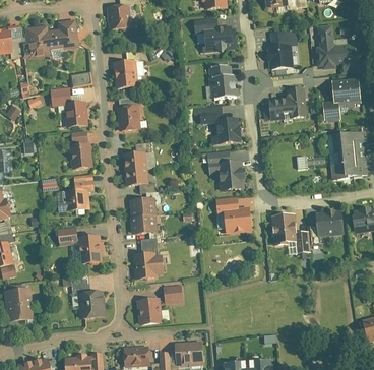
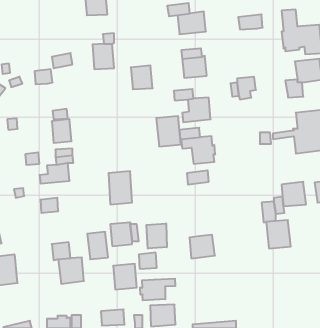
building: [20,20,78,58] -> none
building: [267,45,293,70] -> none
building: [287,87,307,118] -> none
building: [66,102,87,126] -> none
building: [117,105,140,130] -> [131,66,153,89]
building: [123,151,149,184] -> [156,116,181,146]
building: [225,208,252,234] -> [189,235,215,258]
building: [270,213,297,244] -> [266,220,291,248]
building: [79,234,102,263] -> [87,232,108,259]
building: none -> [146,223,167,249]
building: none -> [140,279,175,300]

